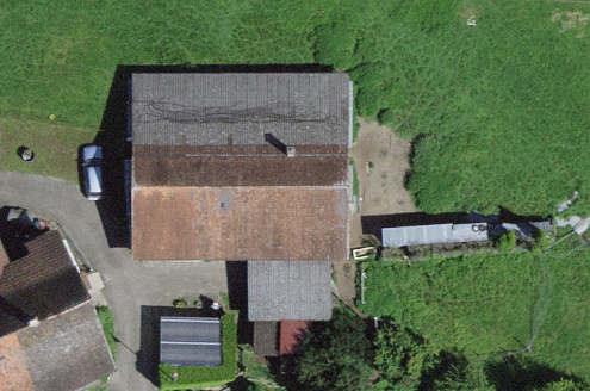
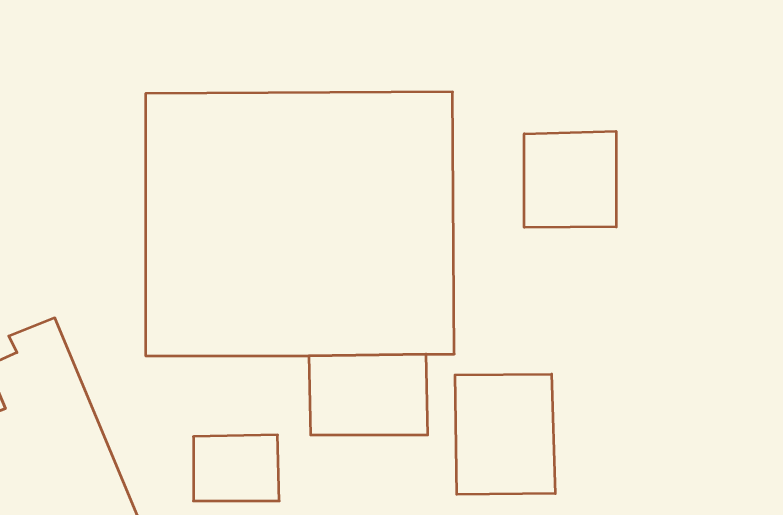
building: none -> [524,131,616,227]
building: none -> [455,374,555,494]

